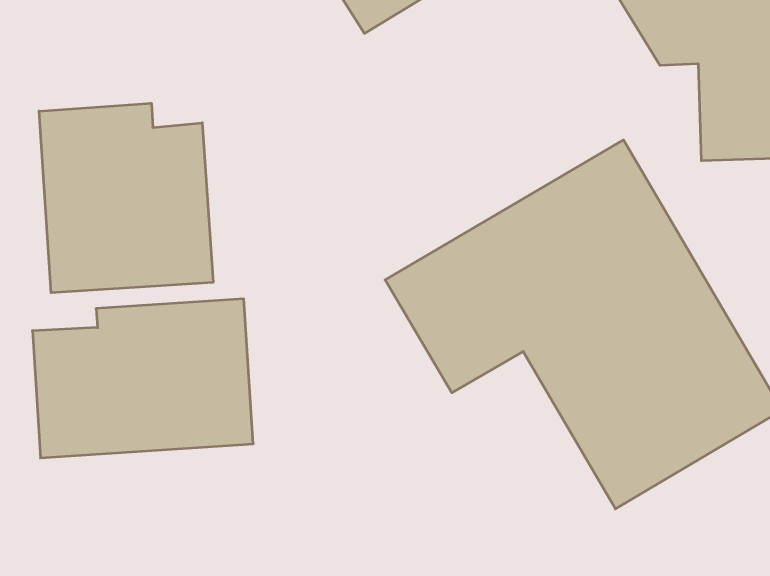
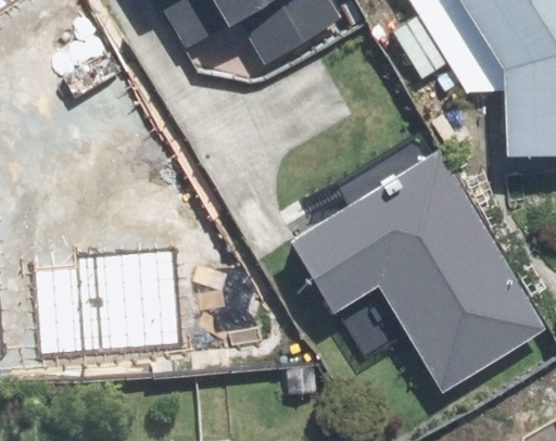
building: [39,103,213,293] -> none

